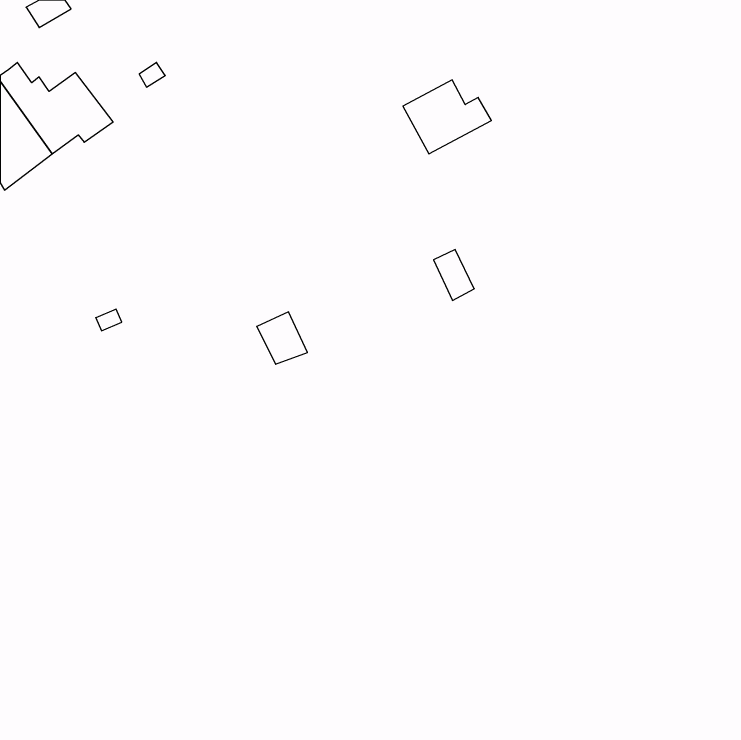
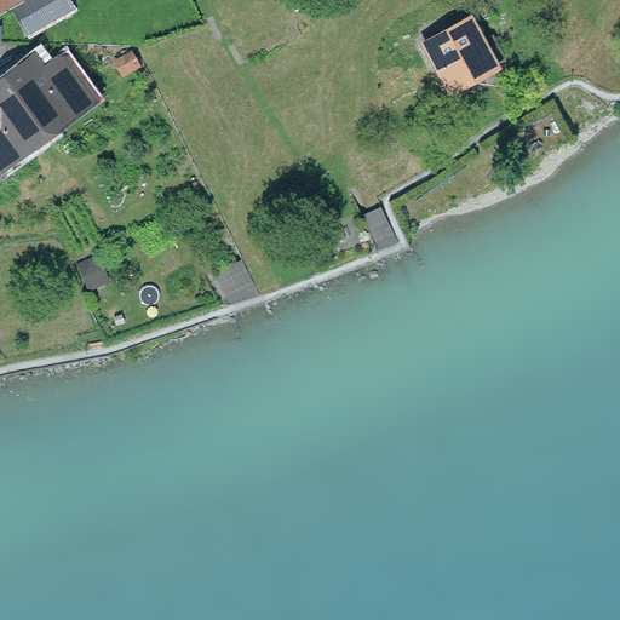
building: [403,80,491,154] -> [429,24,503,86]

